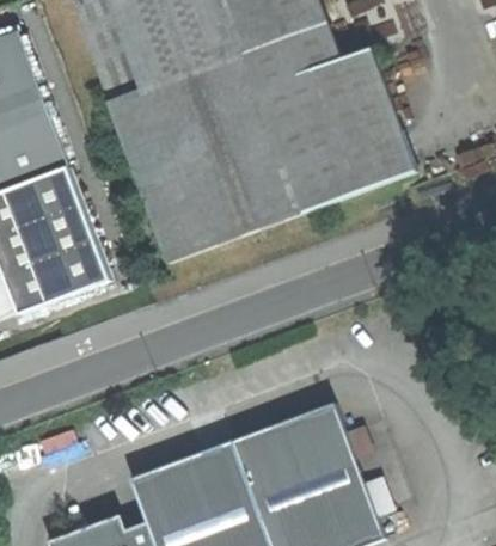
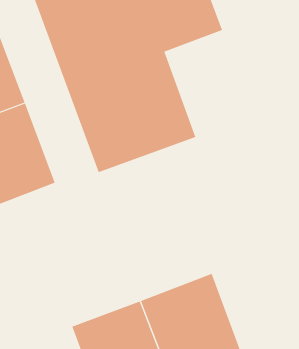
building: [263,44,422,208] -> none

